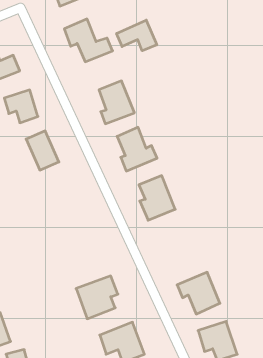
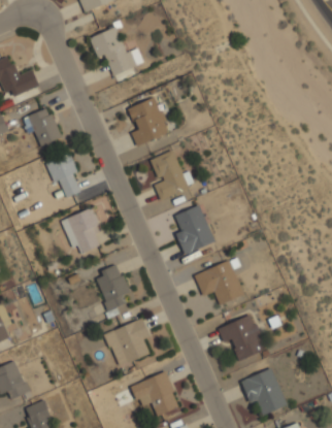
building: [117,20,157,51] -> none
building: none -> [62,207,102,256]
building: none -> [194,261,244,305]
building: none -> [93,264,129,317]

